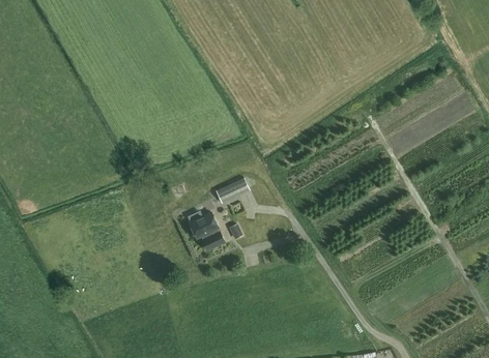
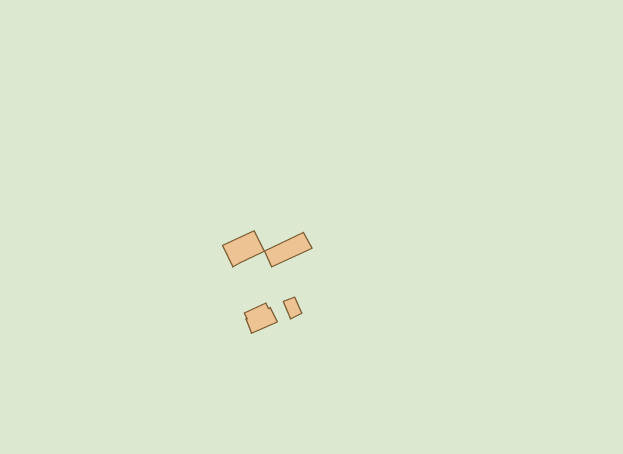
building: [189,212,219,238] -> [223,231,264,267]

